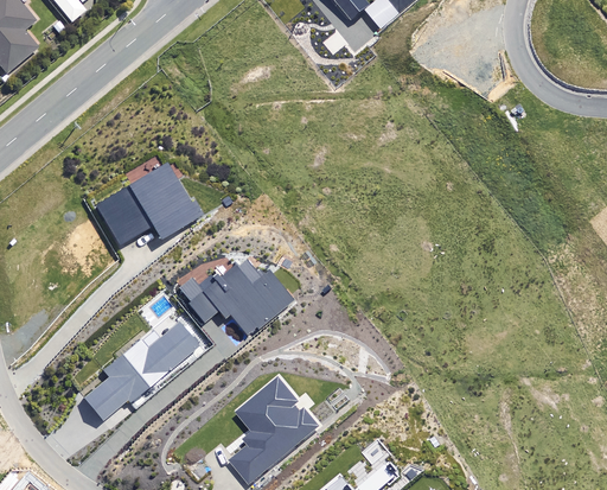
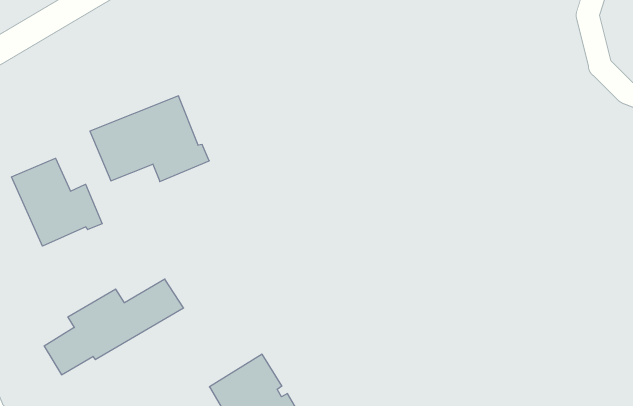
building: none -> [12,158,102,246]
building: [180,257,295,336] -> none

